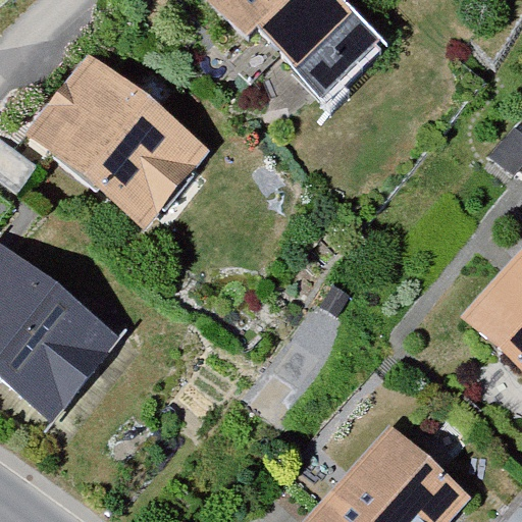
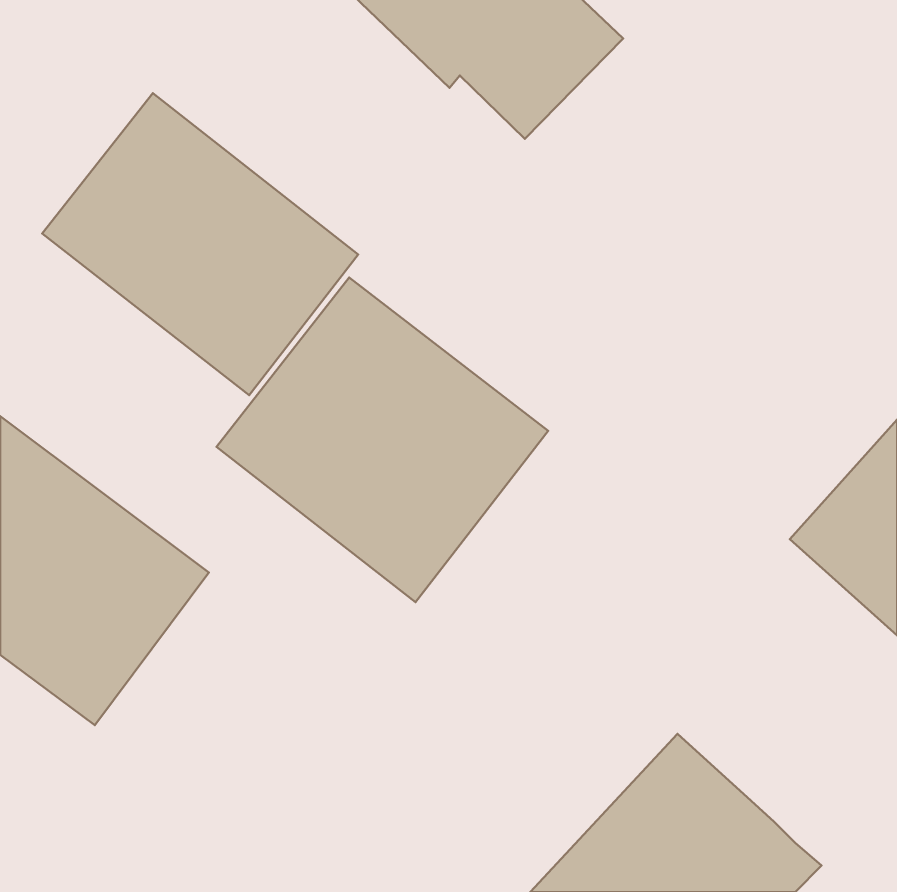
building: none -> [216,277,548,602]

